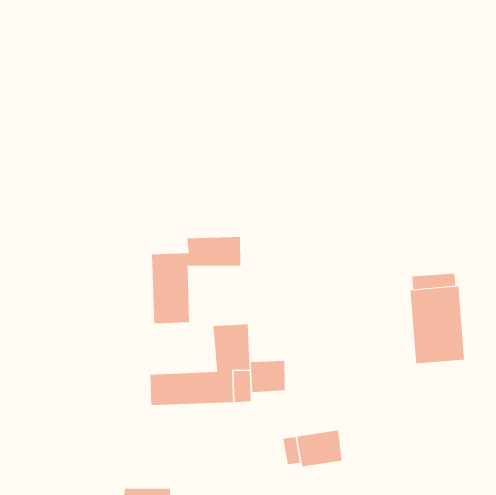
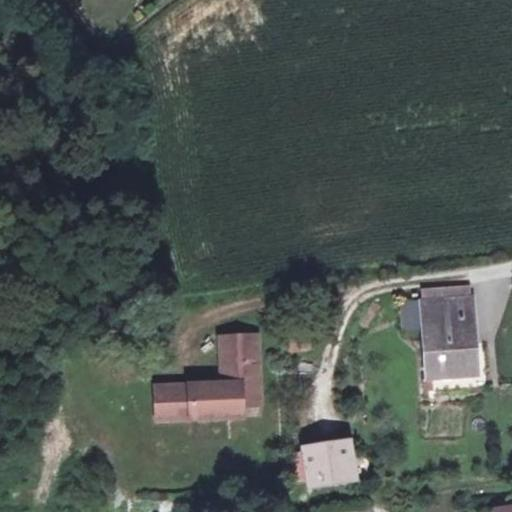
building: [151,236,241,324] -> none
building: [250,360,285,393] -> none

